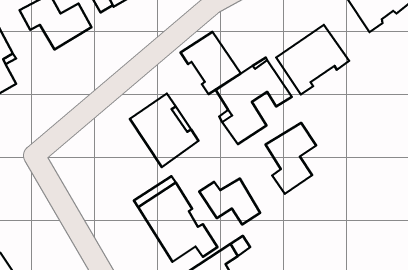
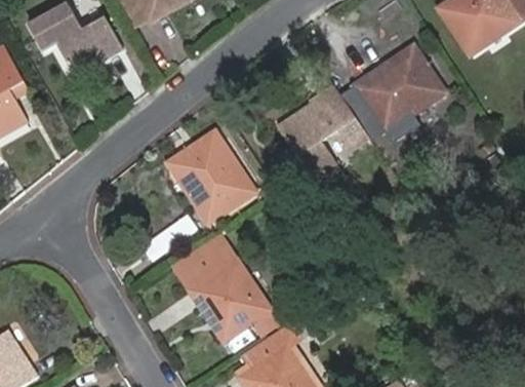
building: [181,32,241,94] -> none
building: [266,123,316,194] -> none
building: [199,179,260,224] -> none

